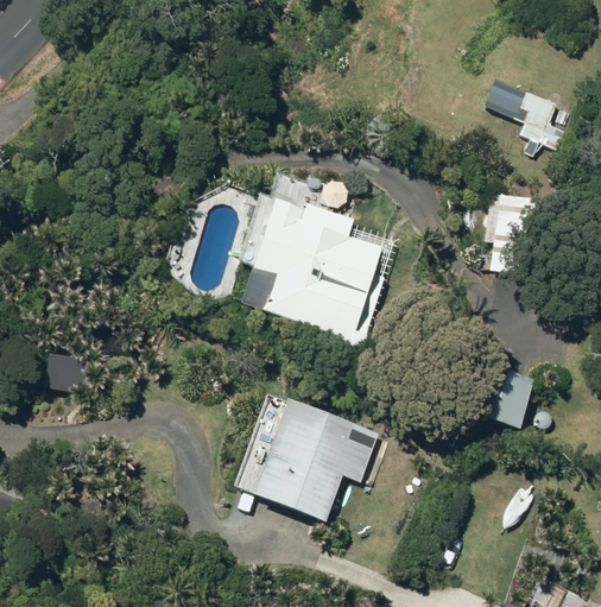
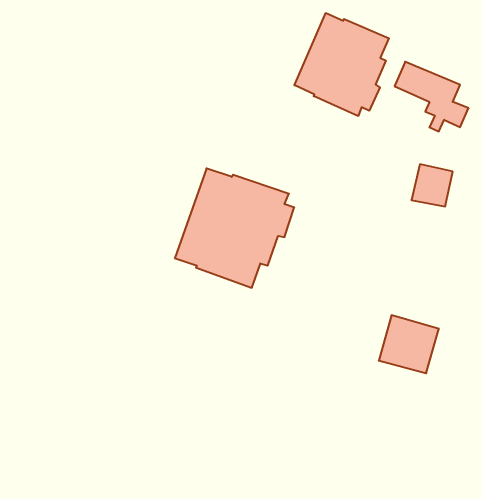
building: none -> [294,13,389,116]
building: [251,396,375,521] -> none

